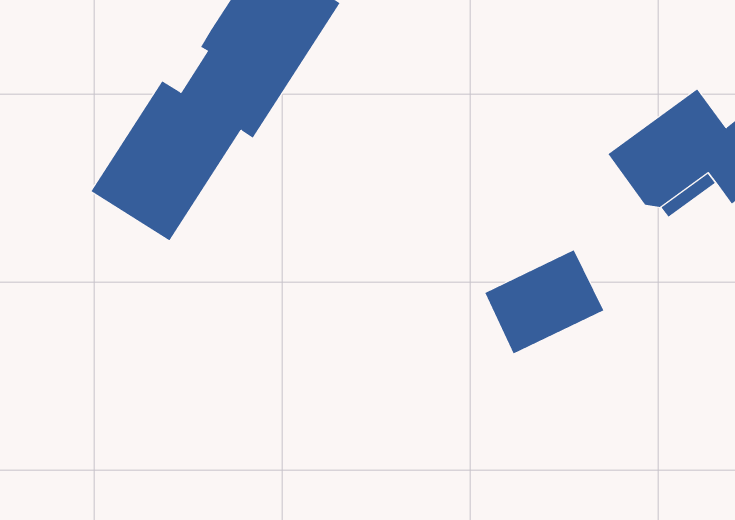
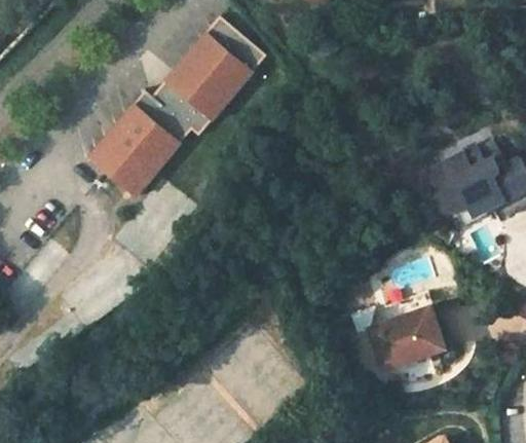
building: [485,249,604,354] -> [375,304,451,367]

